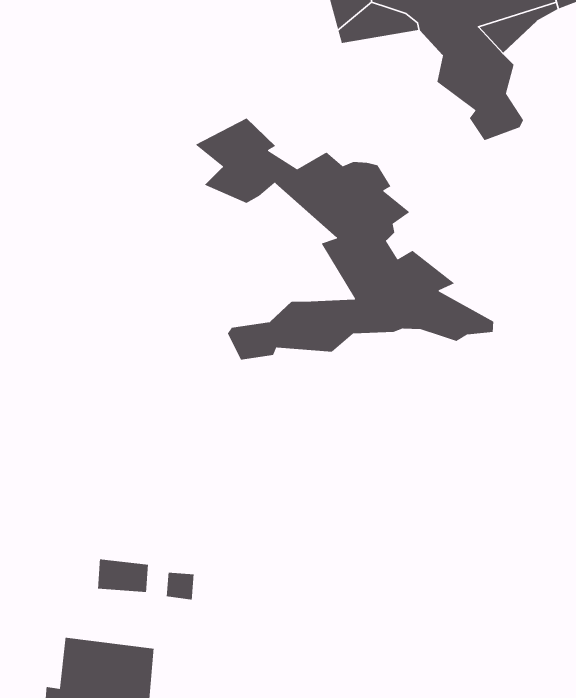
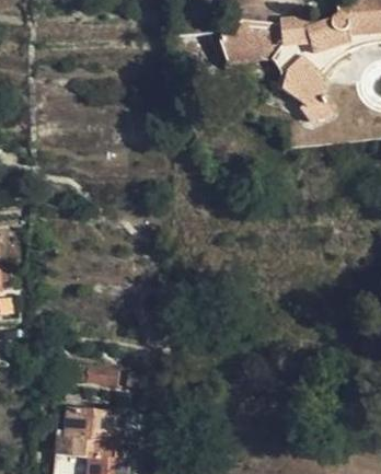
building: [194,117,494,360] -> none

